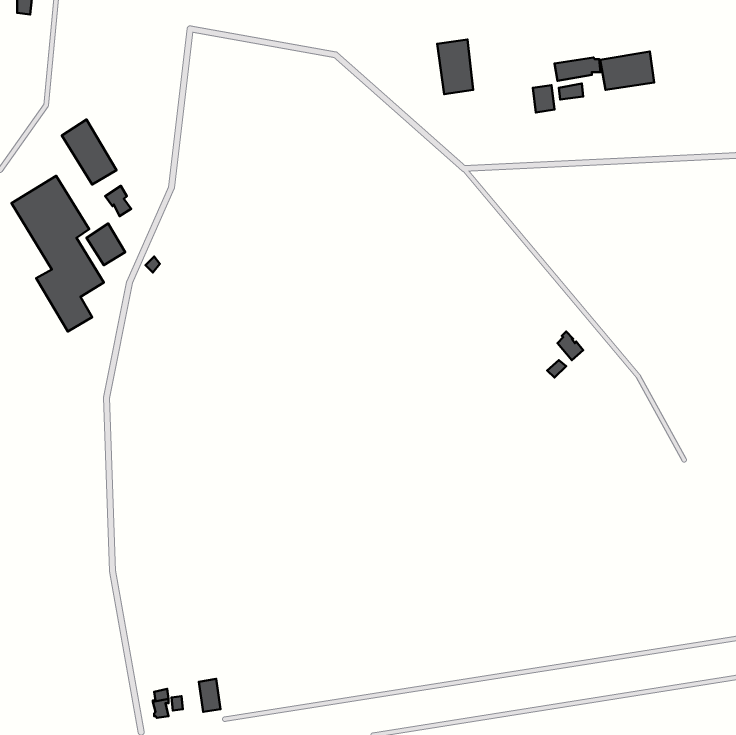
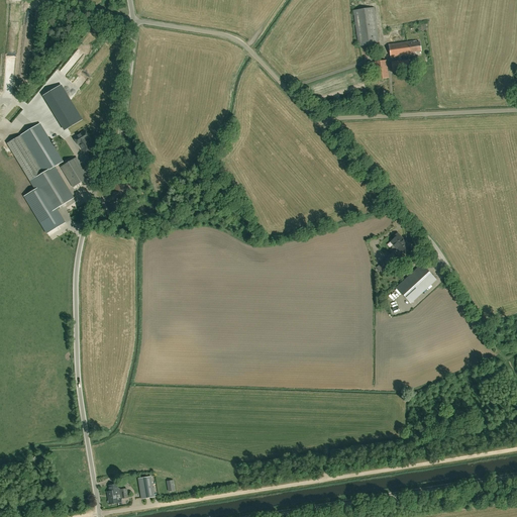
building: [437,39,473,94] -> [353,7,379,45]
building: [600,52,654,90] -> none
building: none -> [397,264,435,302]

